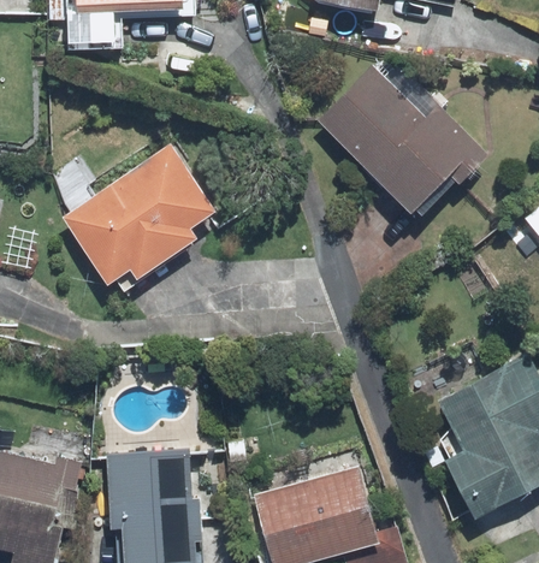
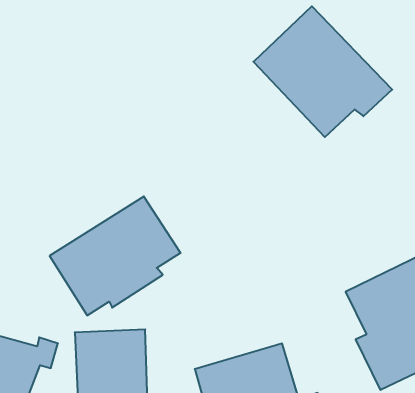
building: [57,144,215,289] -> [50,196,181,315]

